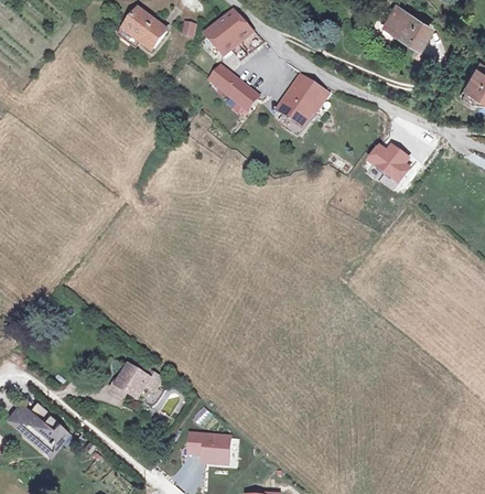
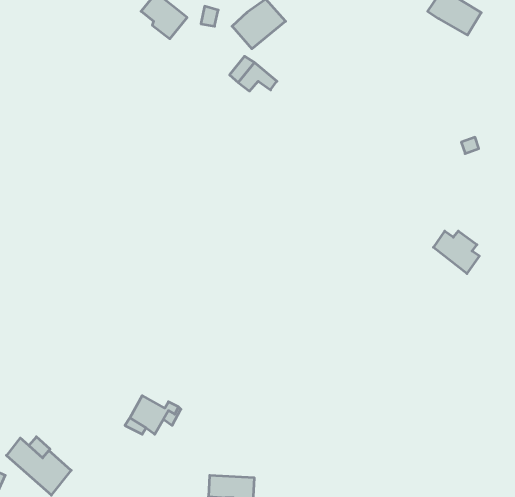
building: [279,76,325,128] -> none
building: [224,86,259,110] -> none
building: [368,146,409,183] -> [433,231,479,274]

